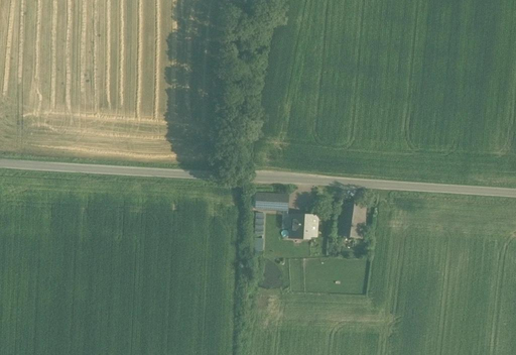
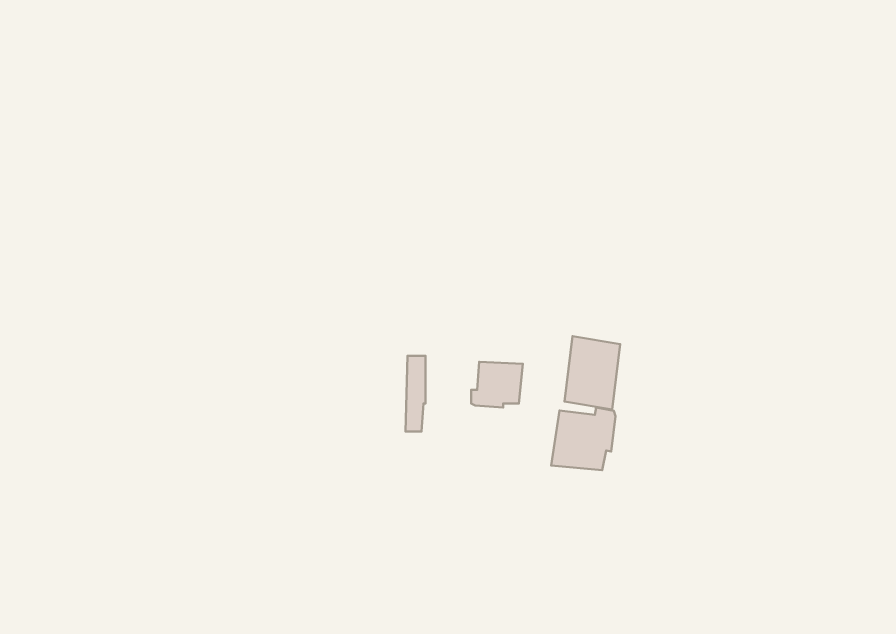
building: [253,192,287,209] -> none
building: none -> [551,407,615,470]

